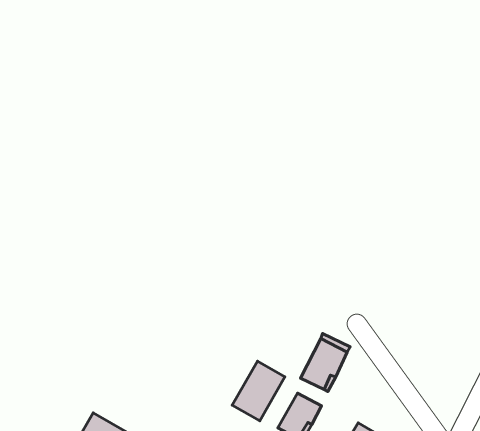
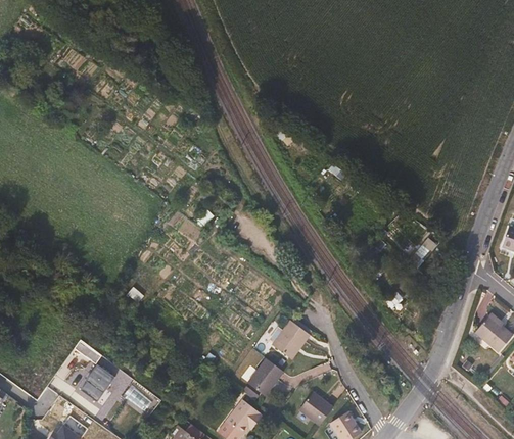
building: [232,361,285,421] -> none

